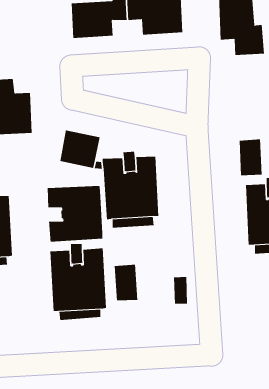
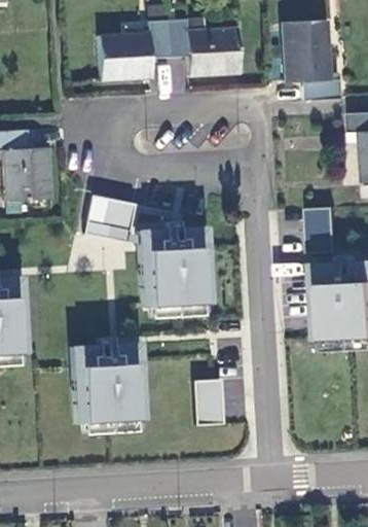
building: [47,185,103,242] -> none
building: [114,264,138,301] -> [193,378,224,424]

